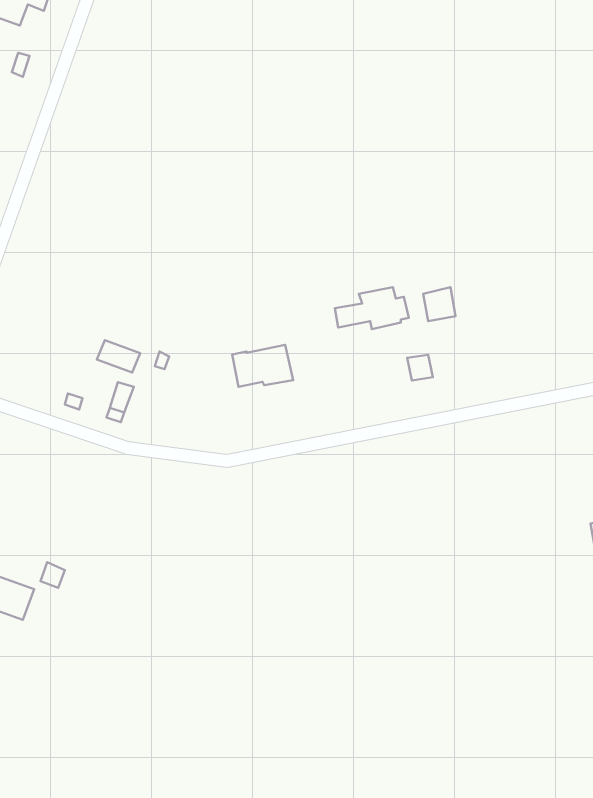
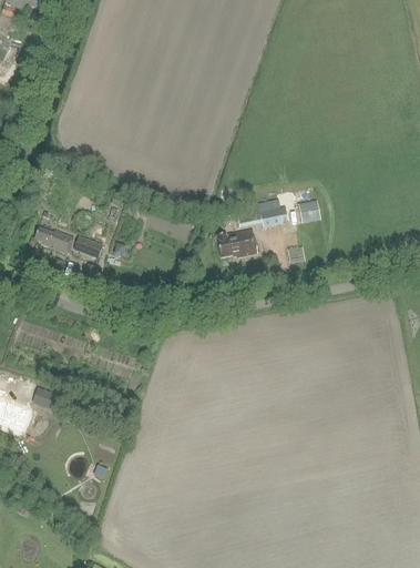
building: none -> [33,225,73,253]
building: [232,345,293,387] -> [215,229,257,257]

